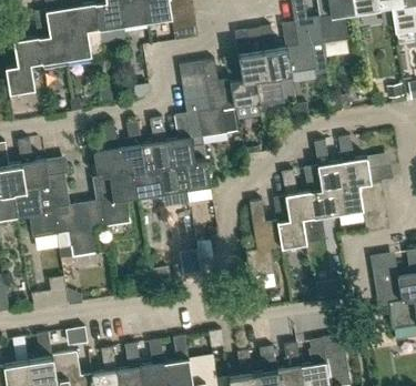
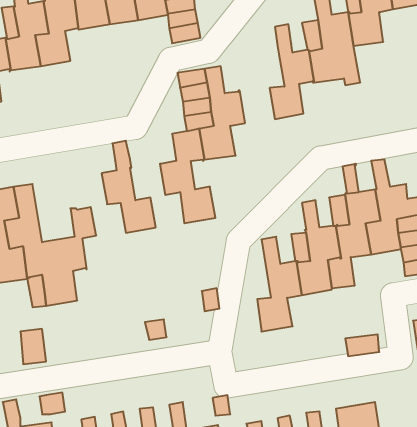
building: [231,30,267,106] -> none
building: [141,118,185,192] -> none
building: [93,124,138,226] -> none

